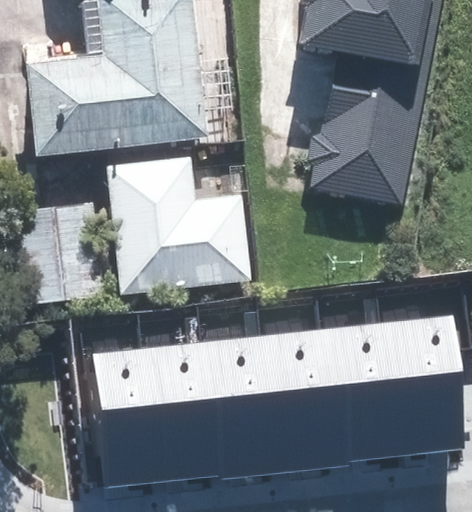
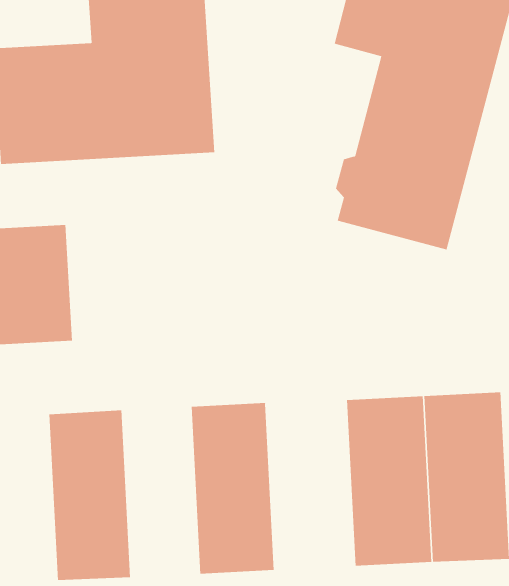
building: [105,156,252,294] -> none
building: [262,329,341,469] -> none
building: [147,342,217,482] -> none

